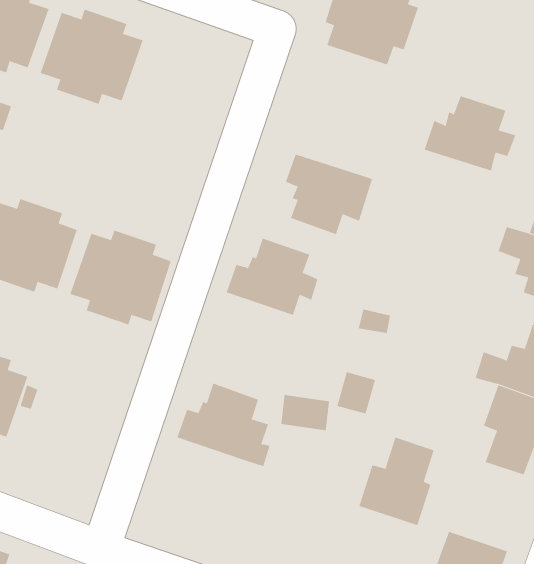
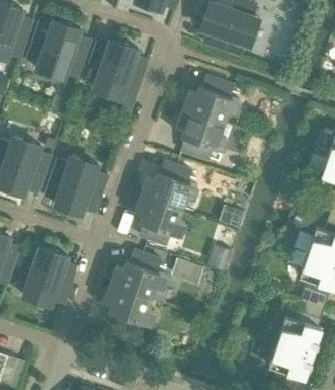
building: none -> [90,42,147,99]
building: [424,96,516,171] -> [183,77,240,124]
building: none -> [135,196,185,245]
building: none -> [23,248,76,306]
building: [359,437,434,526] -> [277,300,324,355]
building: none -> [104,285,154,335]

